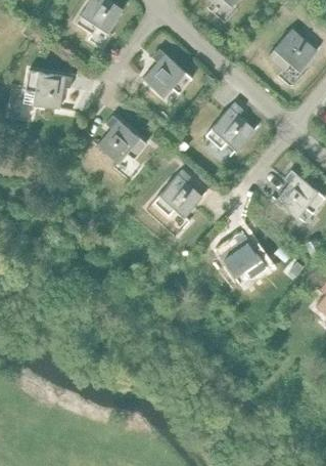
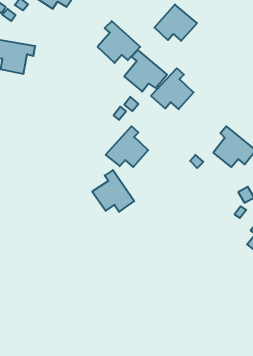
building: [269,29,318,71] -> [154,4,197,41]
building: [98,115,147,163] -> [124,50,167,92]
building: [220,229,268,278] -> [92,170,134,212]

